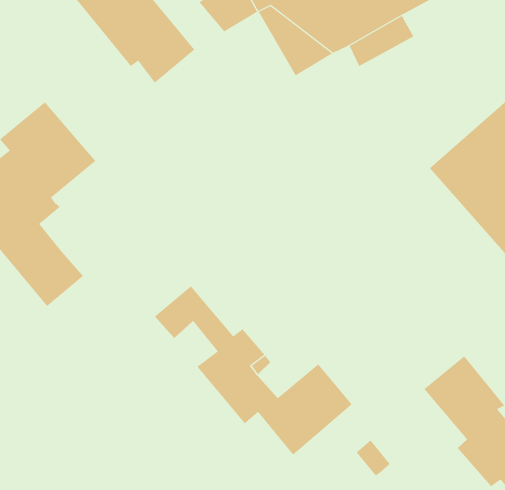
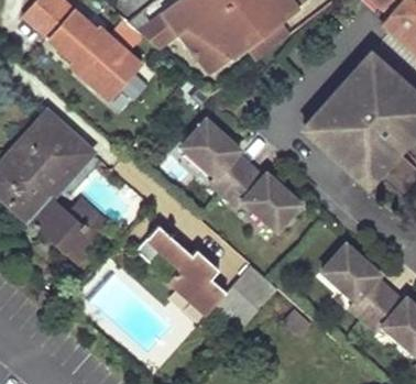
building: none -> [185,120,303,231]
building: none -> [64,201,107,261]

